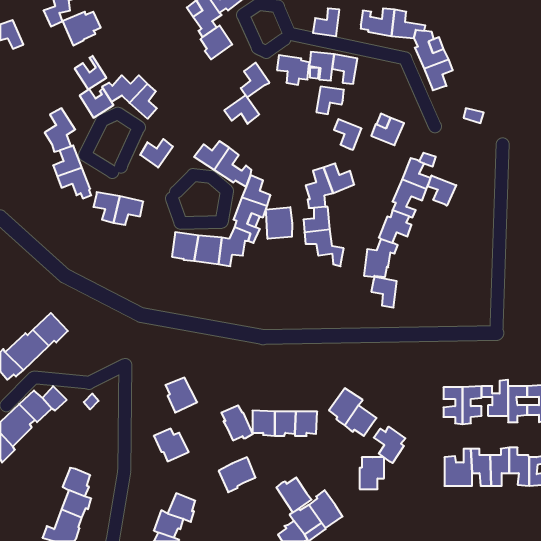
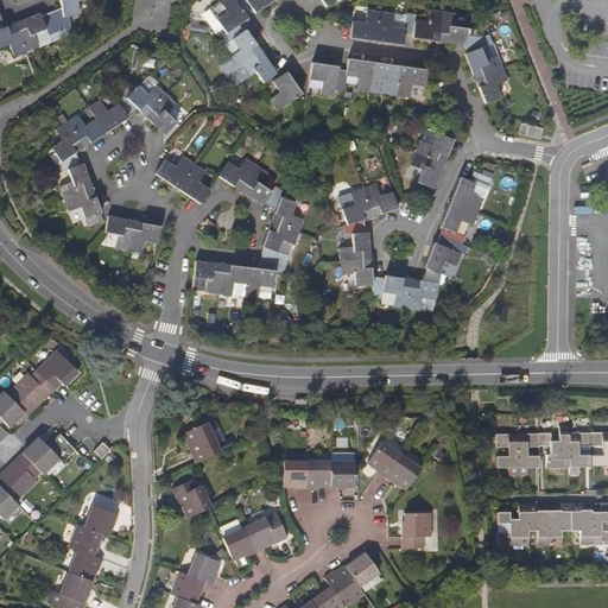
building: none -> [378,11,405,44]
building: [63,12,101,46] -> [15,12,58,50]
building: [75,56,106,90] -> [70,107,106,145]
building: [316,87,344,114] -> [397,65,428,96]
building: [224,95,259,124] -> [238,50,277,82]
building: [334,119,362,150] -> [412,152,443,186]
building: none -> [178,164,209,202]
building: [428,175,456,206] -> none
building: [266,207,292,239] -> none
building: [371,277,397,308] -> [384,274,412,309]
building: [221,405,253,440] -> [221,519,256,558]
building: [374,427,405,463] -> none
building: none -> [86,504,120,534]
building: [276,477,312,512] -> none

